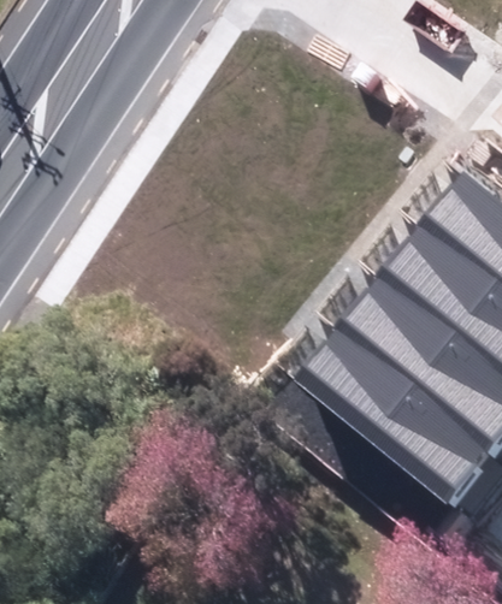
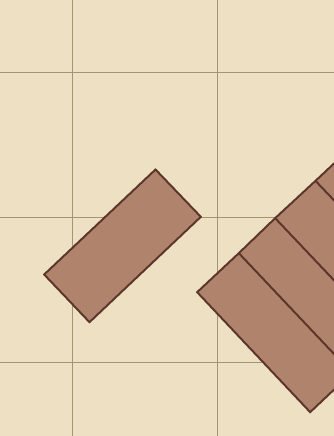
building: none -> [44,169,201,322]

